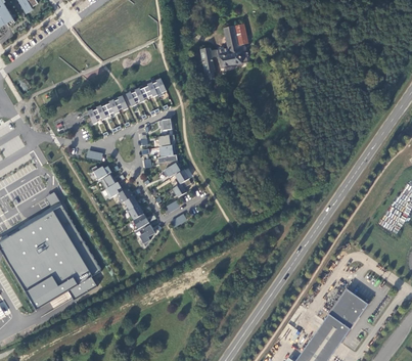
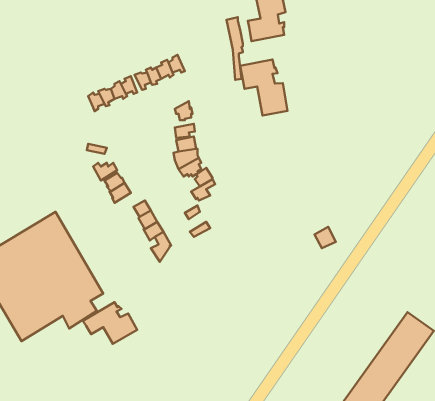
building: none -> [240,60,288,116]
building: none -> [83,302,137,344]

